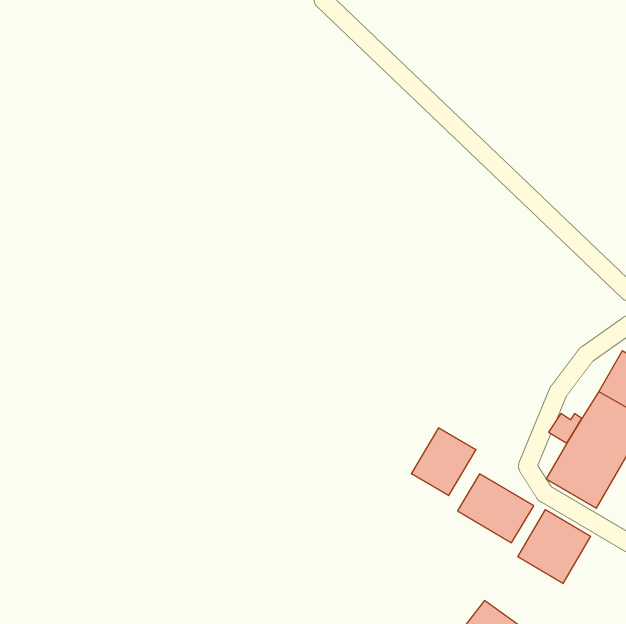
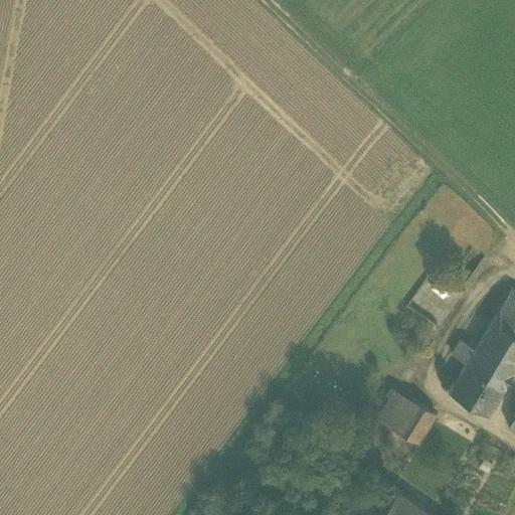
building: [411,428,476,496] -> none
building: [518,510,591,584] -> none

